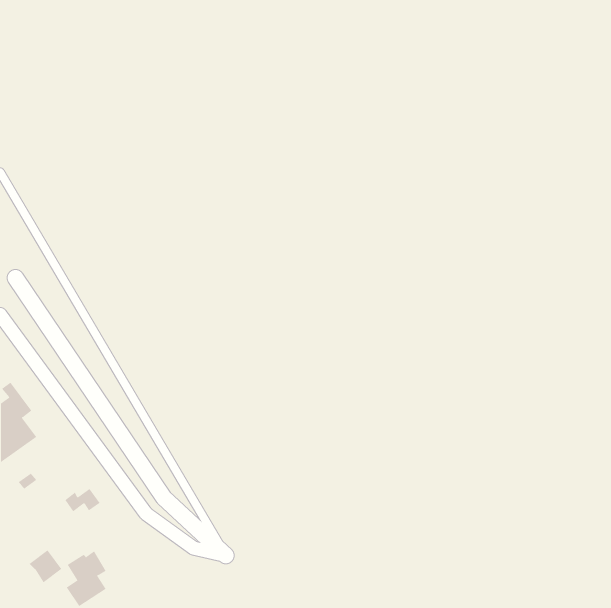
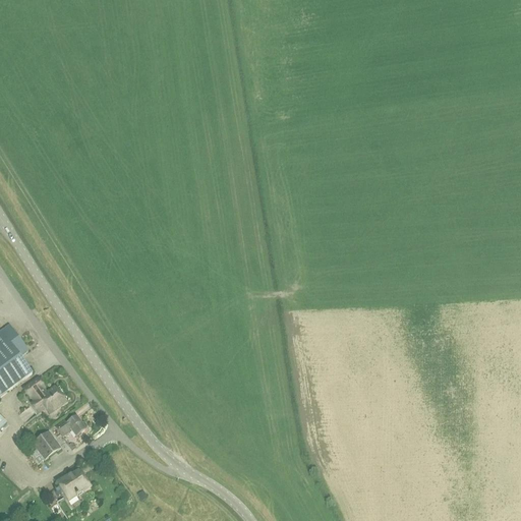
building: none -> [22,378,65,412]
building: [29,550,62,583] -> [32,430,60,459]

